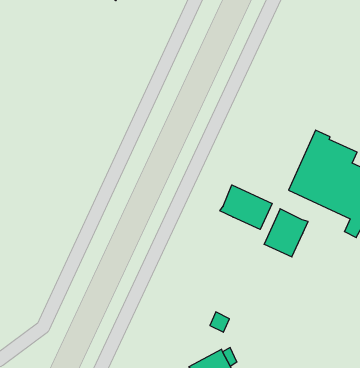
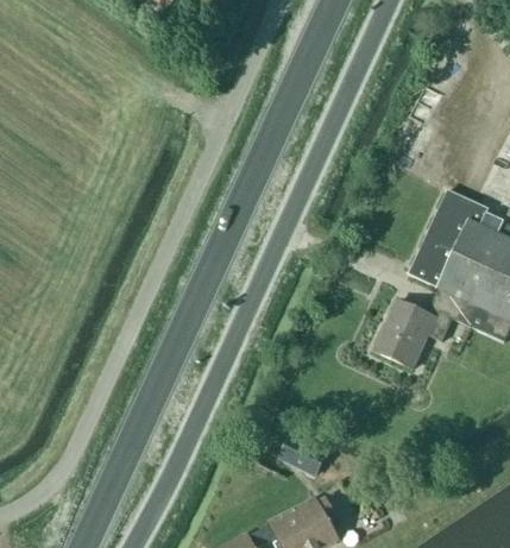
building: [220,185,272,229] -> none

